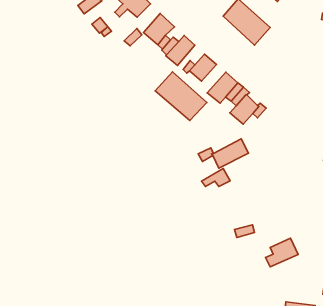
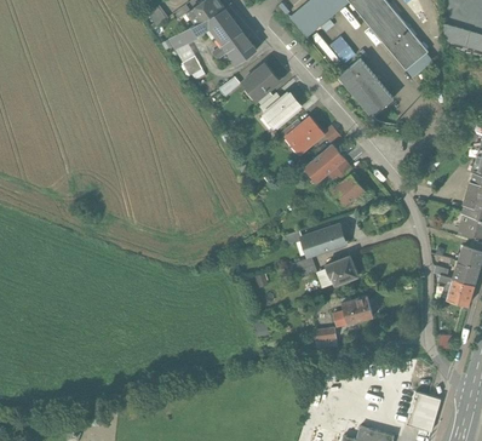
building: [155,72,207,120] -> none
building: none -> [325,256,357,285]
building: [266,238,298,267] -> [334,296,373,326]

